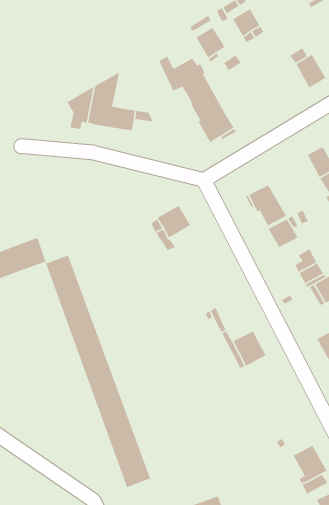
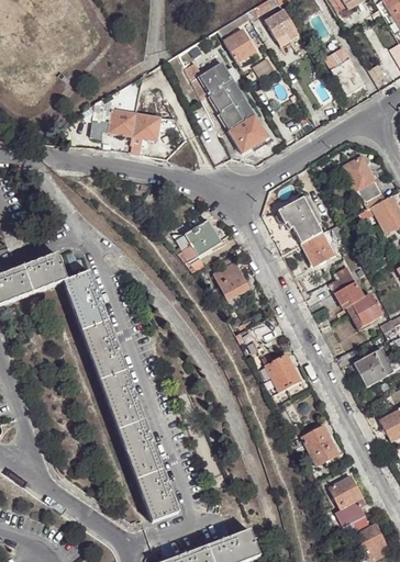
building: none -> [214,262,249,301]
building: none -> [302,424,340,464]

